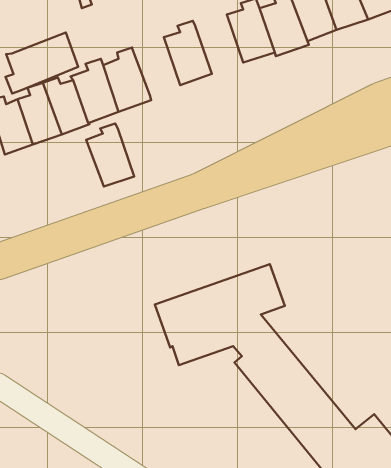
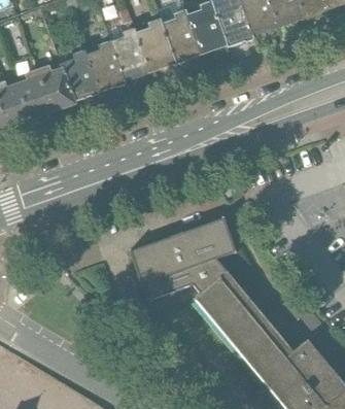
building: none -> [162,9,201,62]
building: [5,33,78,93] -> none
building: [86,124,134,187] -> [110,28,149,79]

